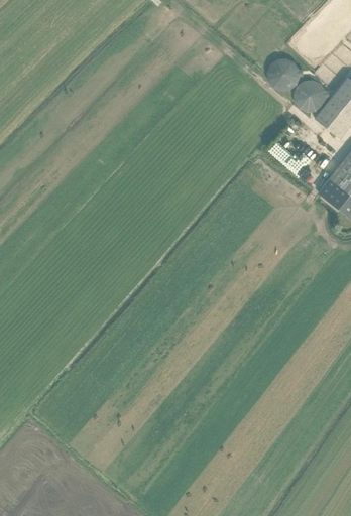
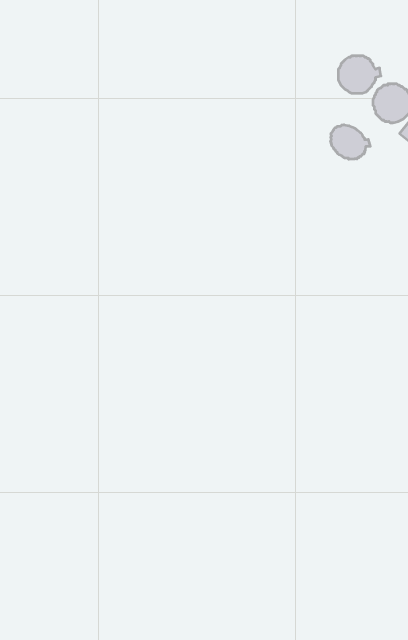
building: none -> [331,125,370,159]

